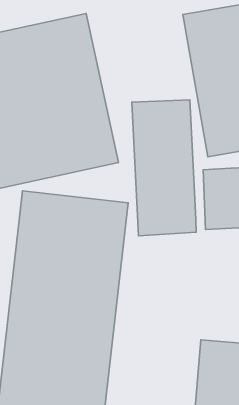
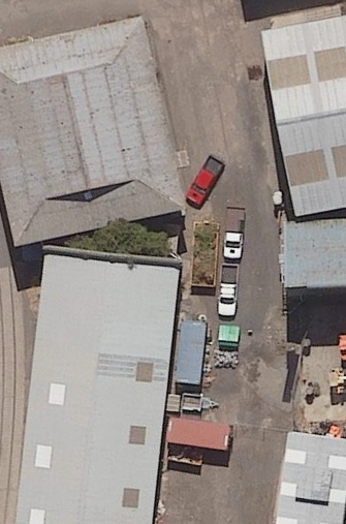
building: [132,100,196,236] -> none

